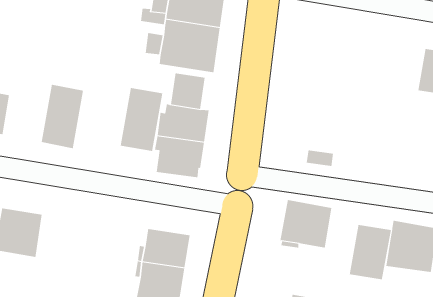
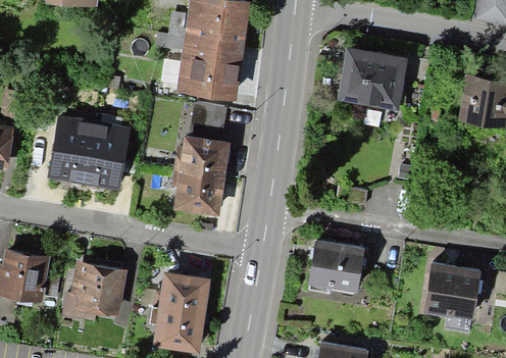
building: none -> [338,47,408,111]
building: [120,88,163,151] -> [84,121,131,191]
building: none -> [62,261,128,321]
building: [349,224,391,280] -> none

